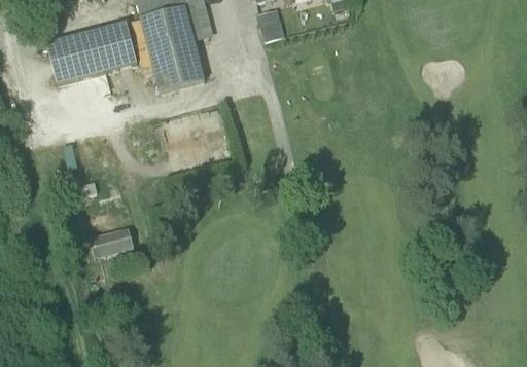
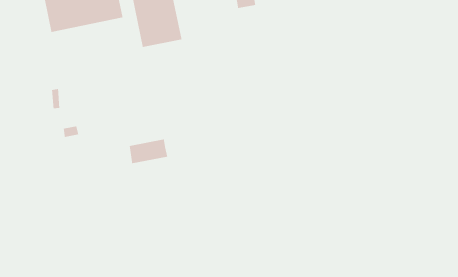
building: [90,226,134,257] -> [129,138,168,164]

